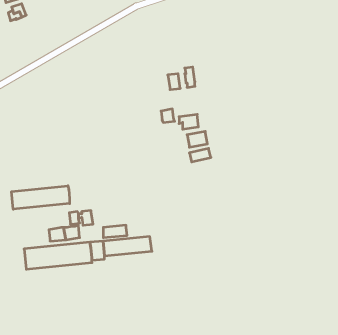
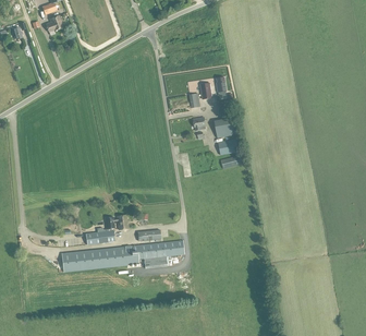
building: [12,186,70,209] -> none

